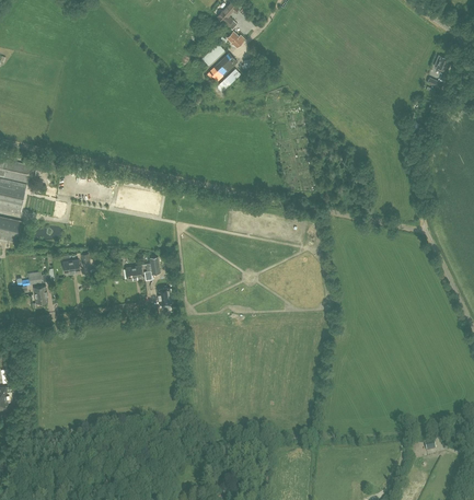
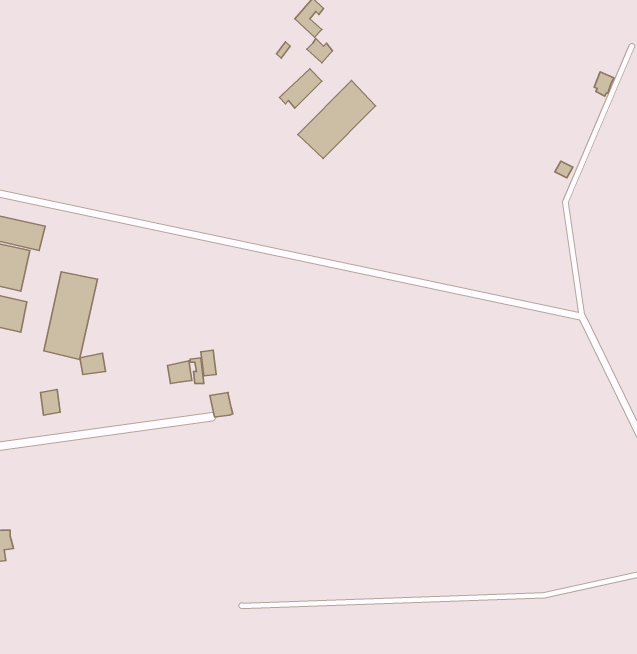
building: none -> [298,81,376,159]
building: none -> [44,272,97,359]

